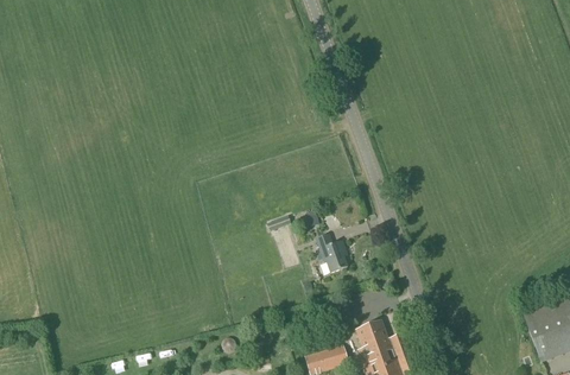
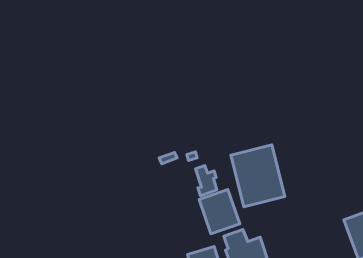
building: none -> [231,145,285,207]
building: none -> [199,190,240,234]

